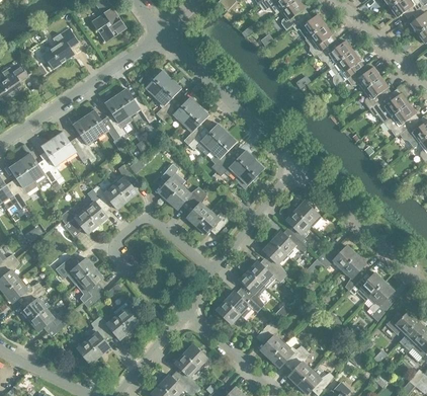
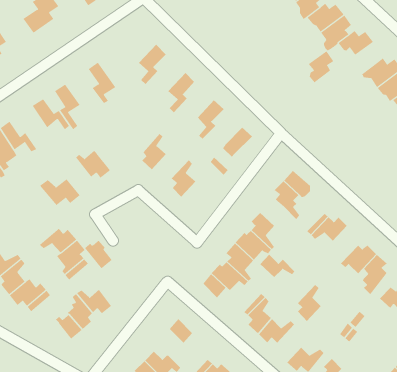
building: [138,70,171,97] -> none
building: [362,77,388,108] -> [308,51,334,83]
building: [115,89,154,123] -> none
building: [161,97,199,124] -> none
building: [84,110,120,141] -> none
building: [188,124,227,150] -> none
building: [40,139,66,184] -> none
building: [216,150,254,176] -> none
building: [114,164,139,201] -> none
building: [167,185,202,210] -> none
building: [85,188,108,225] -> none
building: [195,211,231,236] -> none
building: [271,231,306,254] -> [260,254,295,278]
building: [341,254,365,291] -> none
building: [112,303,140,331] -> [84,240,113,269]
building: [287,349,311,386] -> [297,284,321,322]
building: [174,353,199,391] -> none

